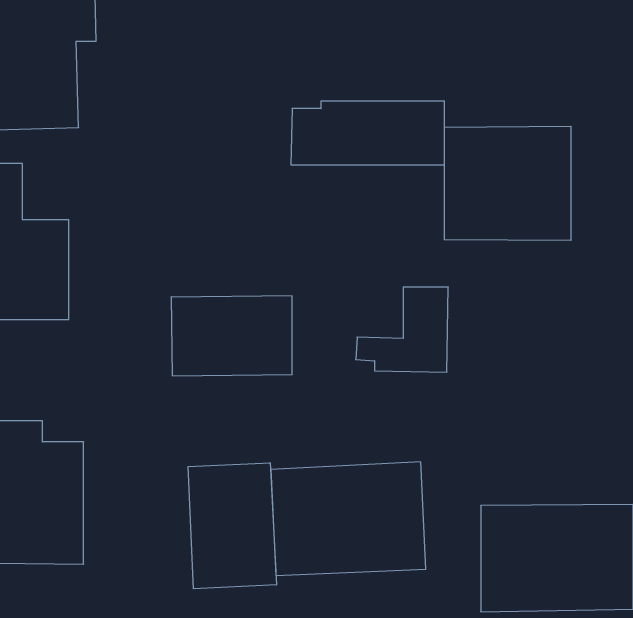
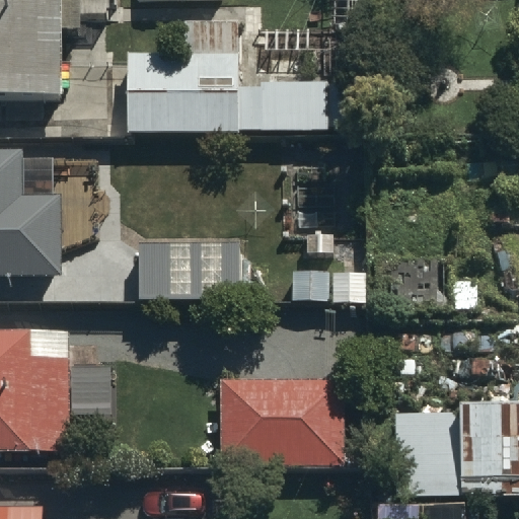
building: none -> [128,19,238,134]
building: [444,126,571,240] -> none
building: [188,463,276,589] -> none

